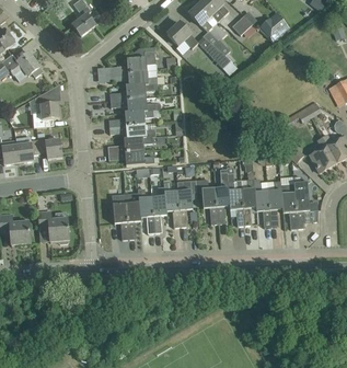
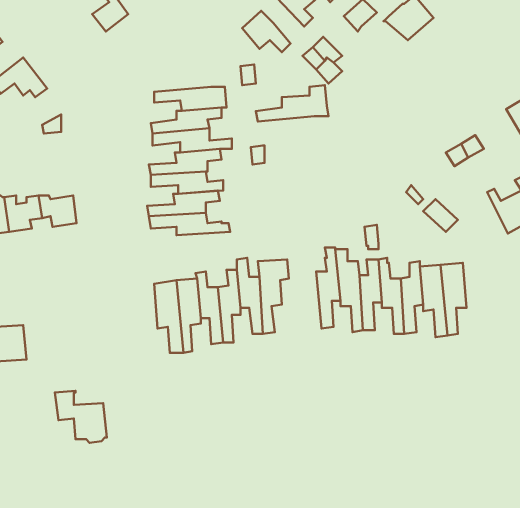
building: [109,50,155,73] -> [256,85,328,121]
building: [33,103,58,127] -> none
building: [309,137,335,172] -> none
building: [195,179,217,223] -> none
building: [36,210,69,243] -> [55,391,107,443]

